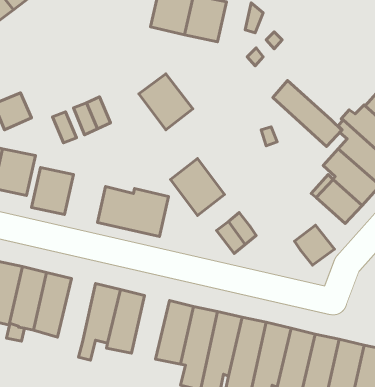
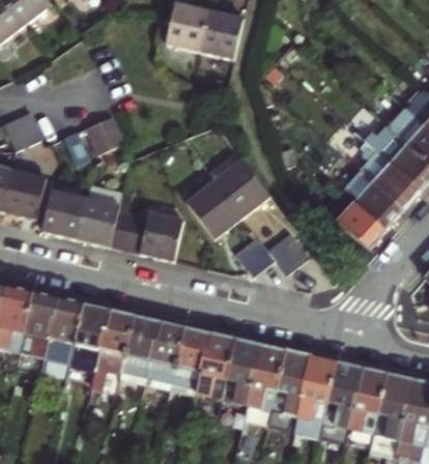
building: [139,74,193,130] -> [214,160,270,218]
building: [273,81,342,146] -> none
building: none -> [77,186,123,247]
building: [295,225,334,265] -> [269,234,311,276]
building: none -> [69,304,109,371]
building: none -> [146,322,185,388]

